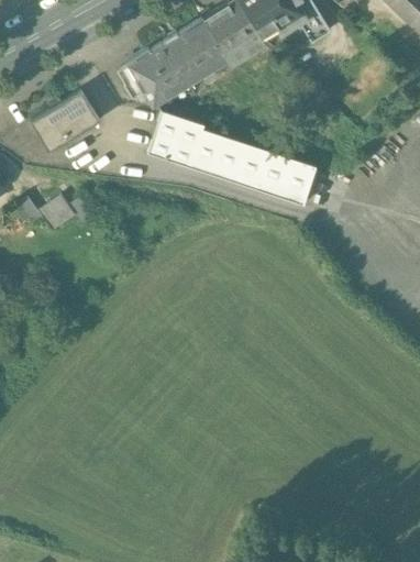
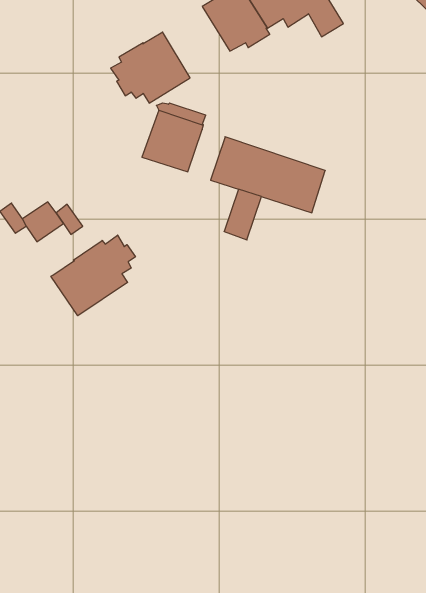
building: [164,16,229,81] -> none
building: [33,89,102,152] -> none
building: [190,129,224,175] -> [224,189,261,240]
building: none -> [51,235,135,316]

